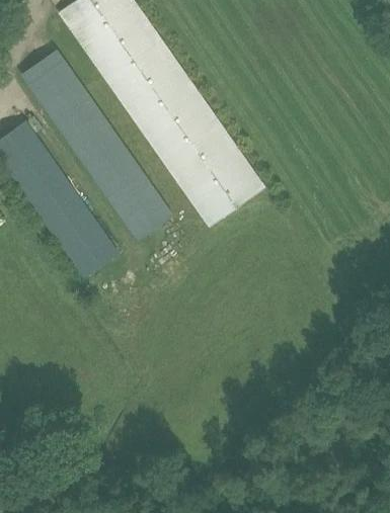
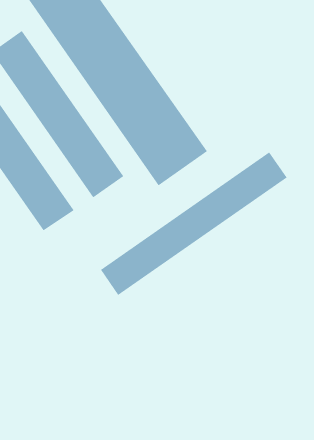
building: none -> [100,152,287,296]

